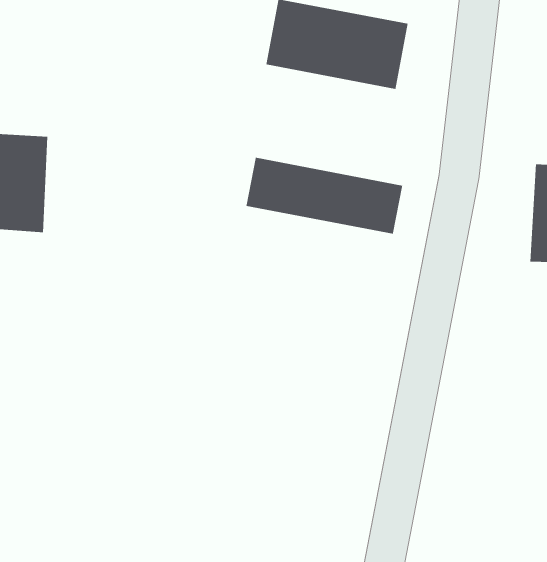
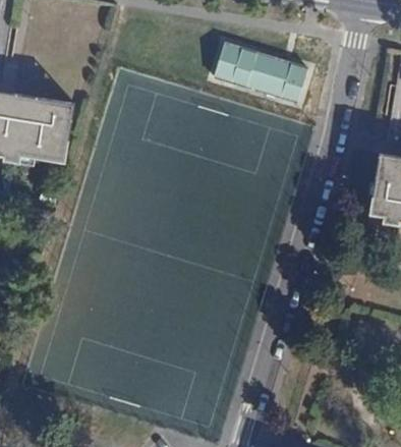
building: [246,157,403,235] -> none

